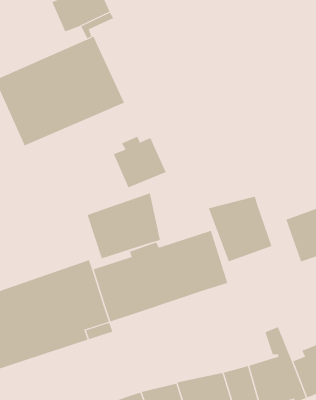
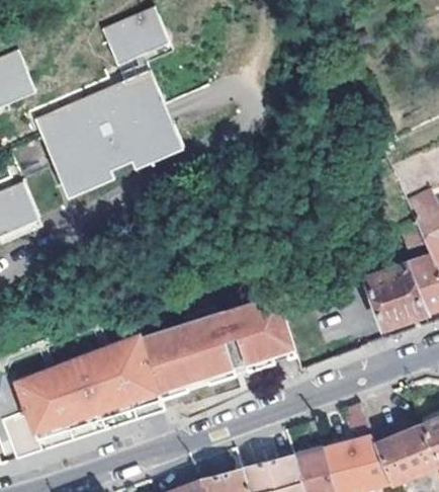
building: [113,136,166,188] -> none
building: [87,193,161,259] -> none
building: [208,196,272,262] -> none

